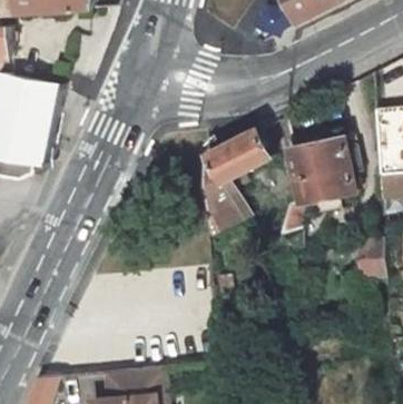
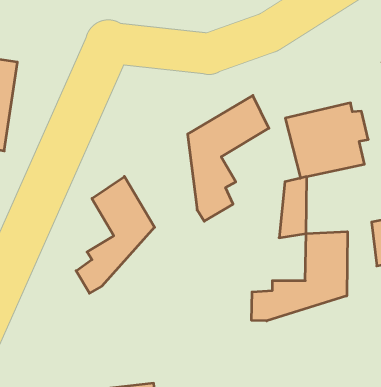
building: none -> [76,176,155,293]
building: none -> [252,232,347,321]

